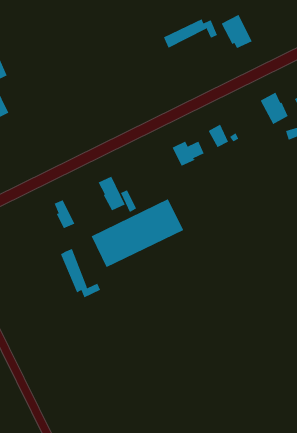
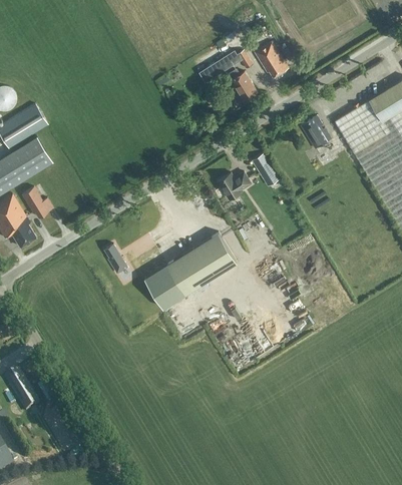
building: none -> [227,67,258,100]
building: [98,176,125,211] -> none
building: [60,248,101,298] -> none

